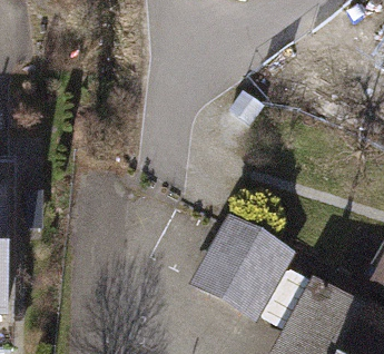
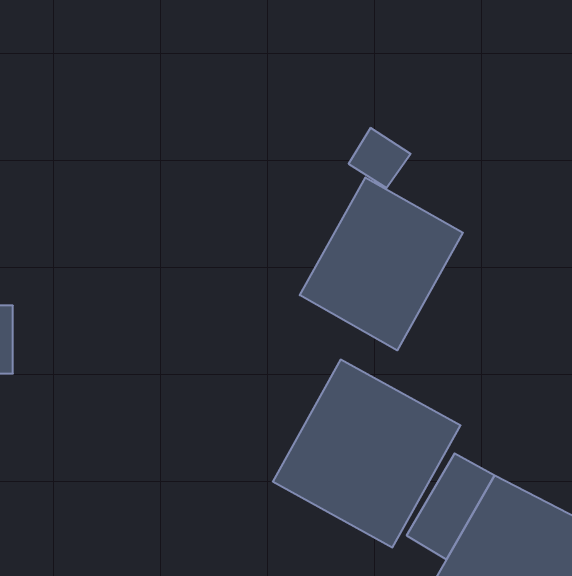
building: none -> [300,177,463,350]

